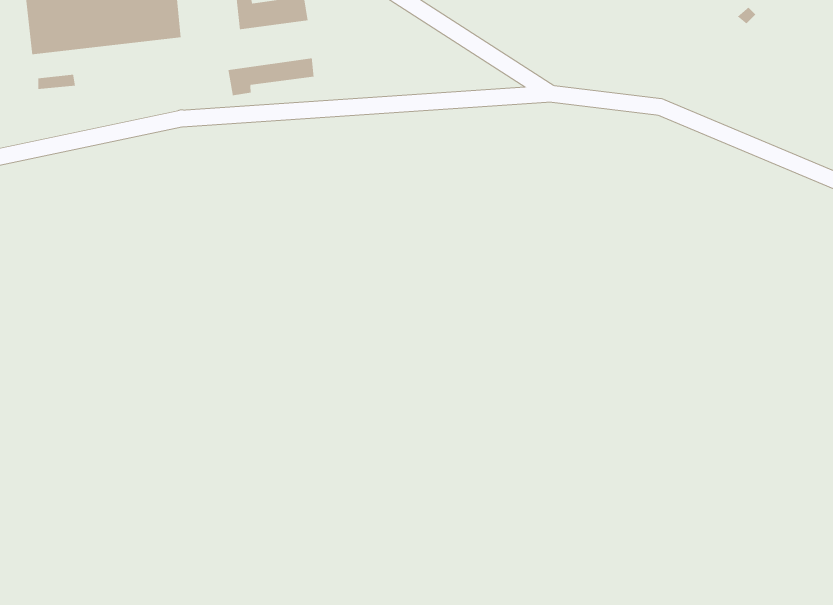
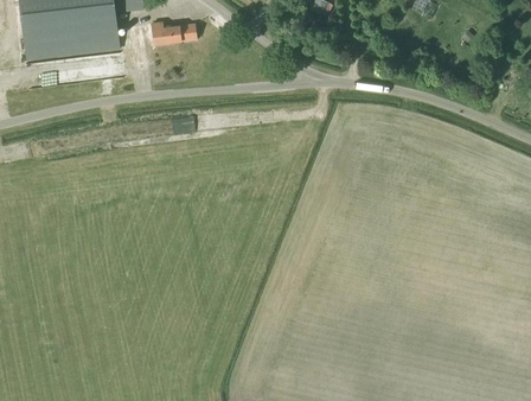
building: [228,58,314,96] -> none

